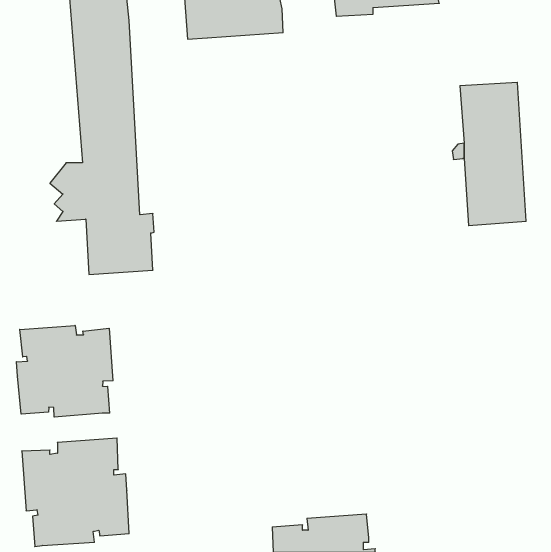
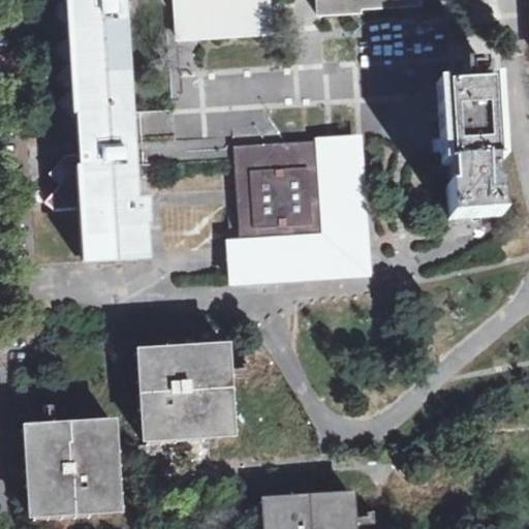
building: none -> [231,137,362,274]
building: [16,325,113,417] -> none
building: none -> [137,343,240,444]

